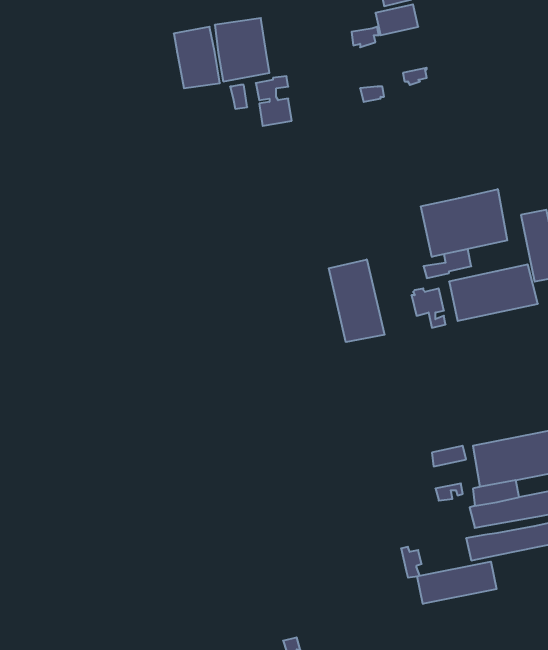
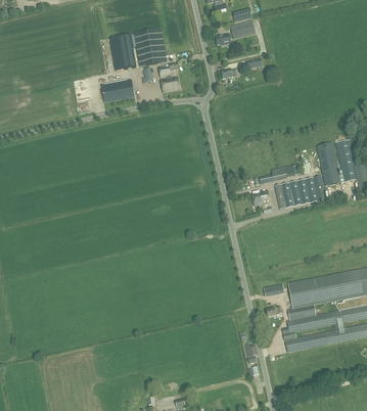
building: none -> [100,78,134,102]
building: [421,189,507,257] -> none
building: [329,259,385,342] -> none
building: [417,562,497,604] -> none

